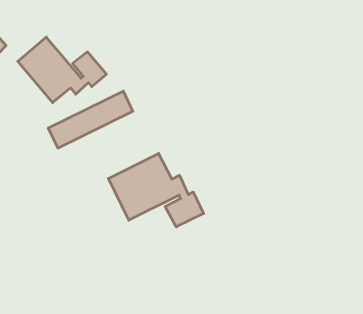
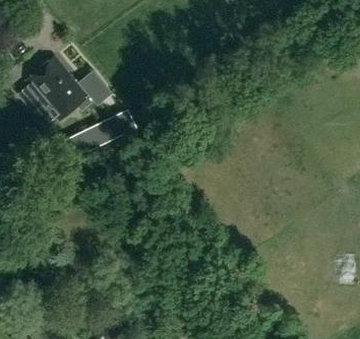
building: [108,153,204,227] -> none

